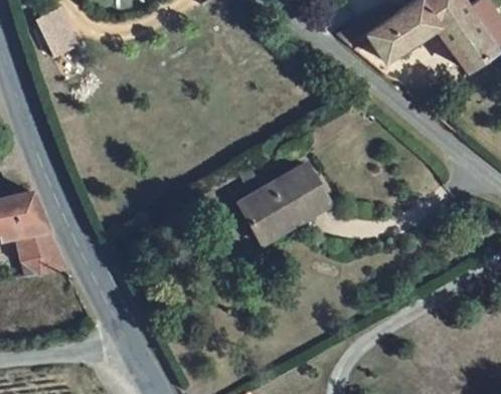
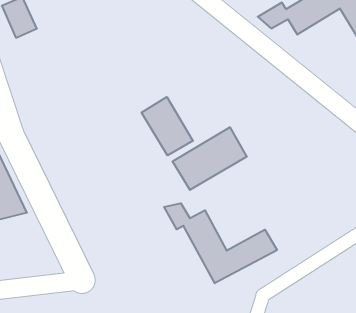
building: none -> [142,97,193,155]
building: none -> [164,203,277,283]

